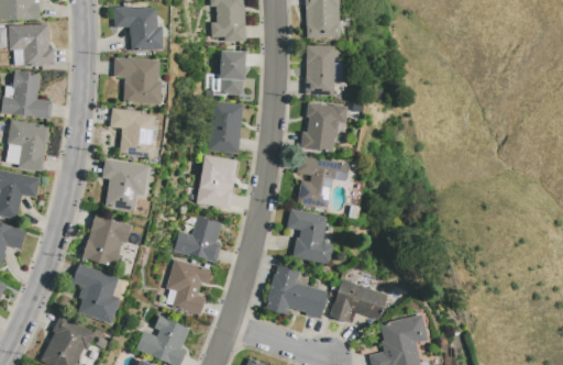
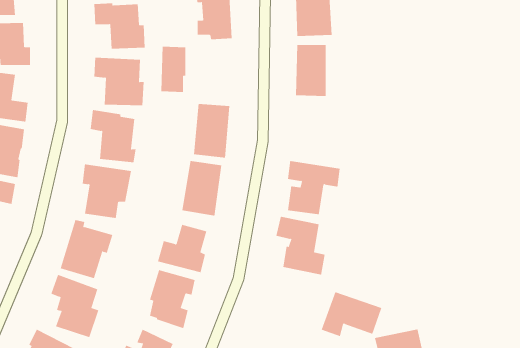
building: [220,51,244,95] -> [161,46,186,93]
building: [300,102,346,151] -> none
building: [265,265,328,319] -> none

